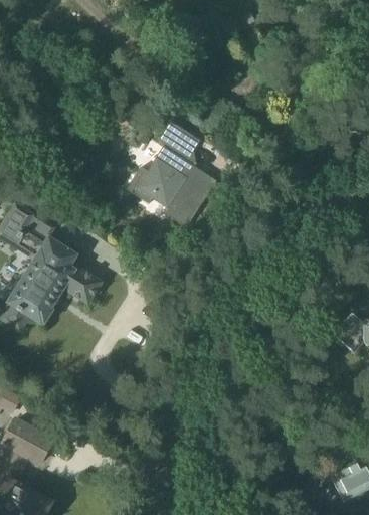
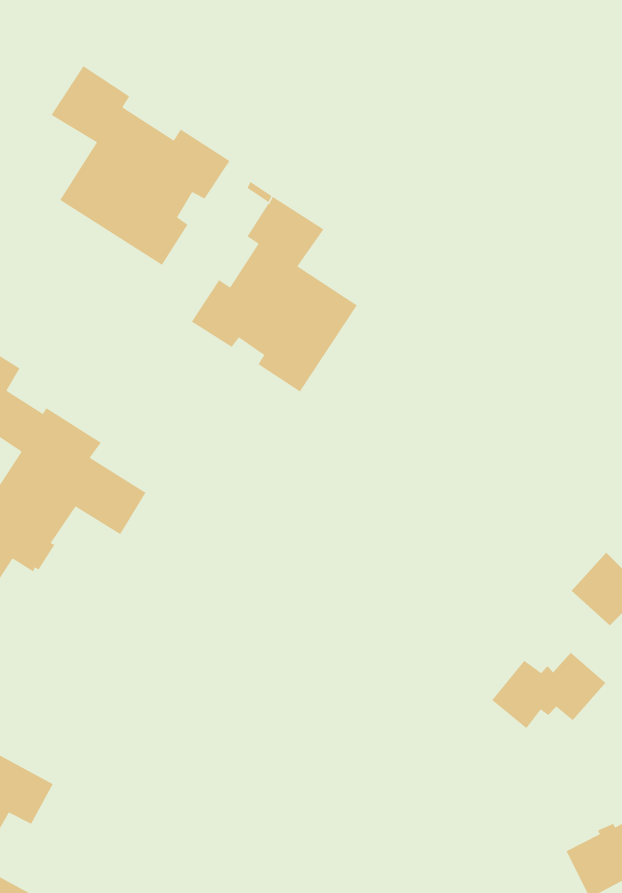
building: none -> [51,65,230,266]
building: none -> [491,652,606,729]

